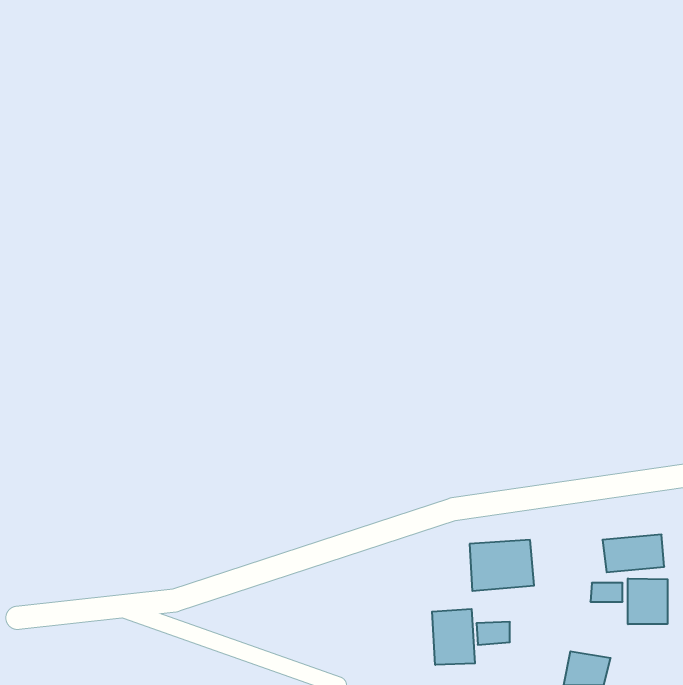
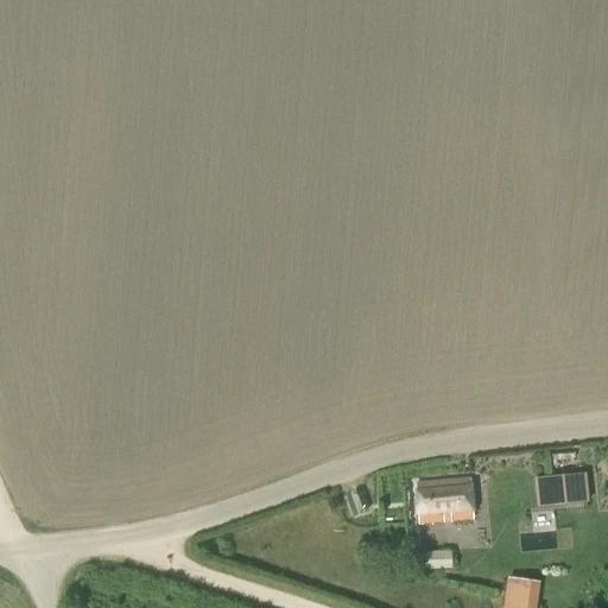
building: [628,578,668,624] -> none
building: [432,609,475,665] -> none

